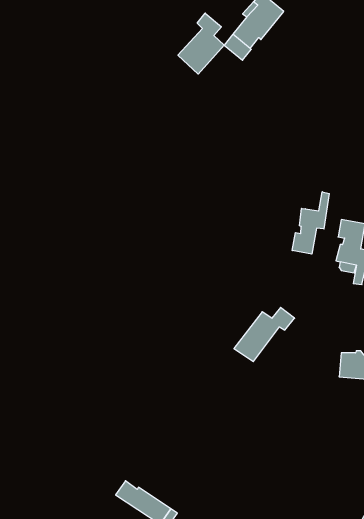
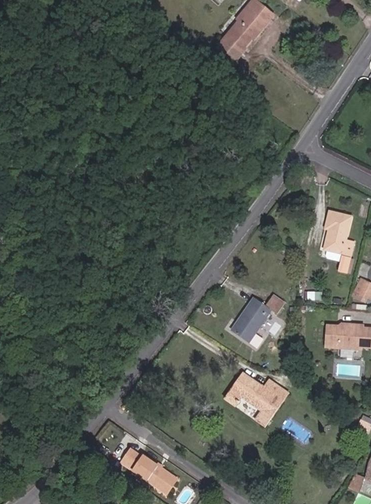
building: [178,13,224,74] -> none
building: [292,192,329,254] -> none
building: none -> [225,371,291,426]

